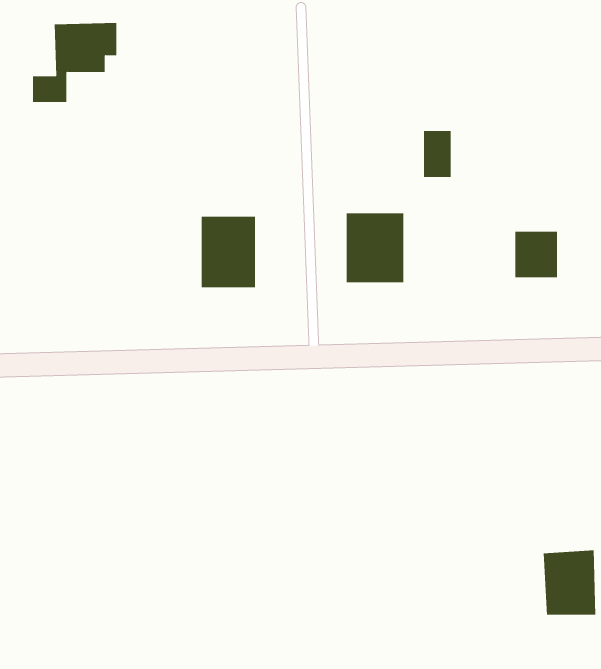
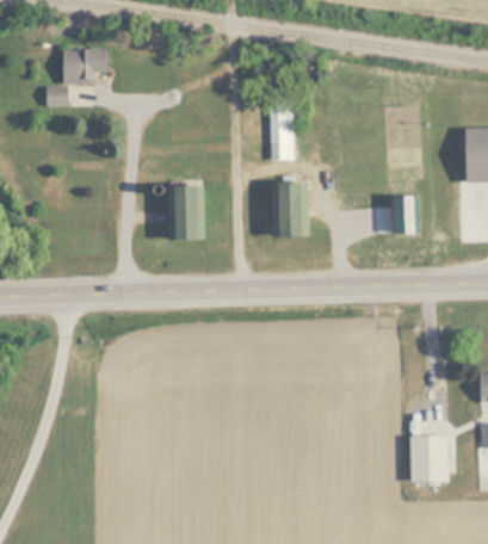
building: [423,131,451,177] -> [272,113,292,147]

